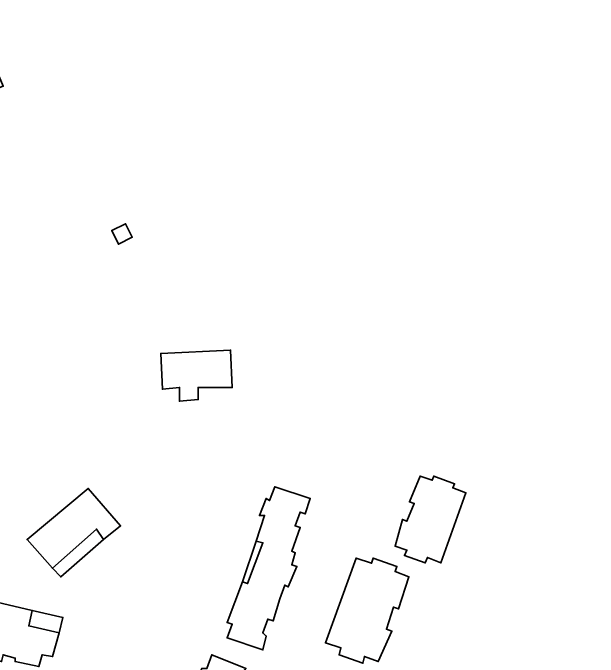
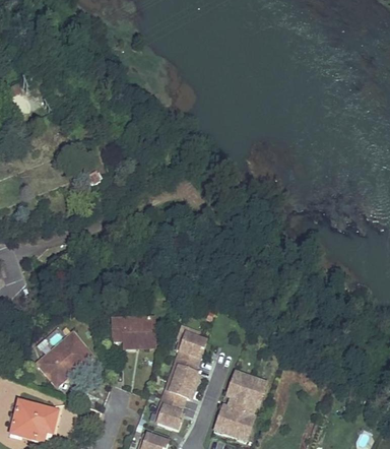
building: [161,350,232,401] -> [112,316,154,346]
building: [395,476,466,563] -> none

